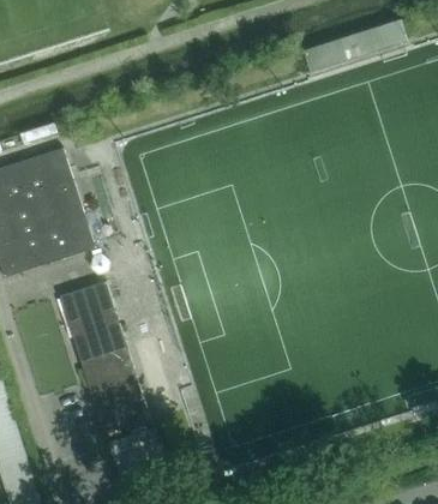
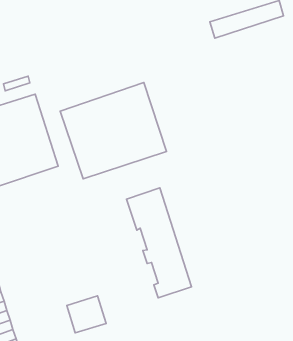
building: none -> [60,82,166,179]
building: [58,282,149,436] -> [127,188,192,298]

